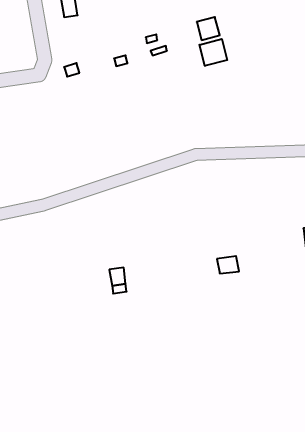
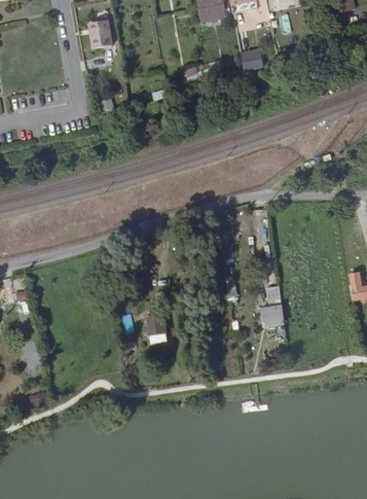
building: [199,39,227,66] -> none

